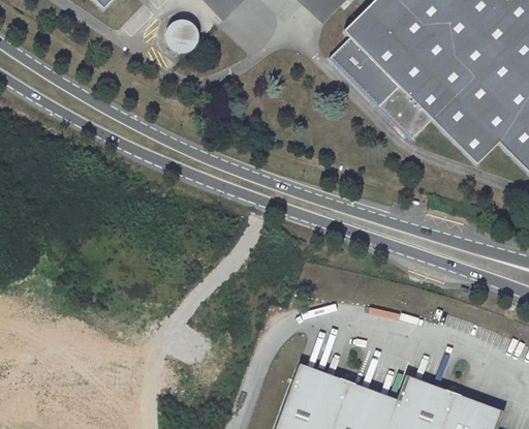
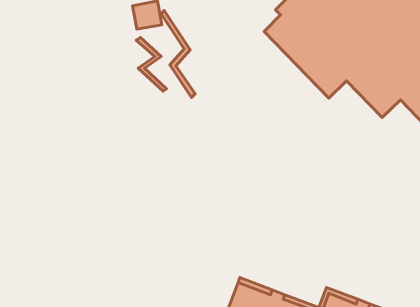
building: none -> [161,10,195,97]
building: none -> [136,38,167,91]

